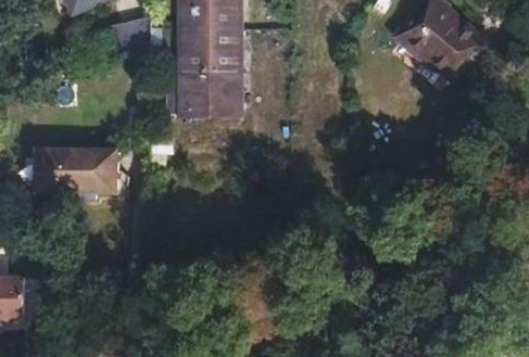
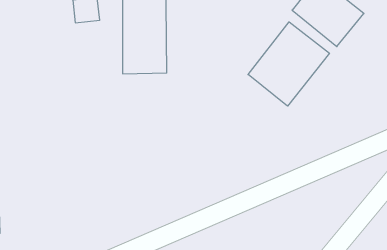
building: none -> [248,22,329,106]
building: [34,150,116,200] -> none

